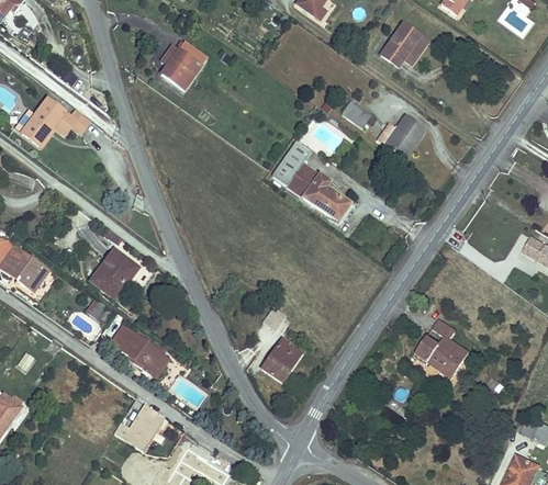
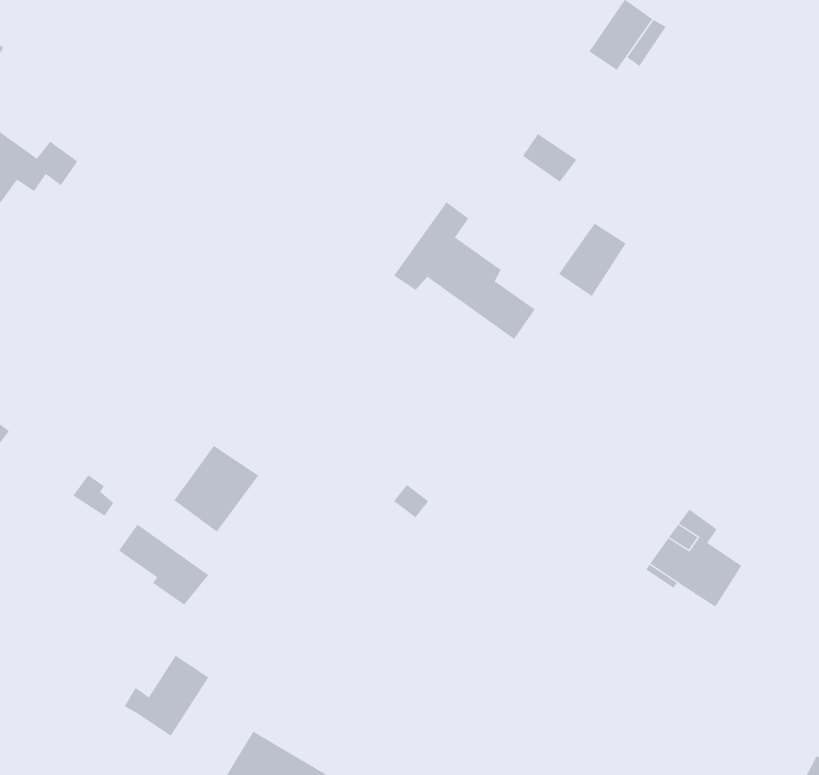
building: [165,43,208,88] -> none
building: [387,114,426,157] -> [558,223,626,297]
building: [90,250,139,301] -> [174,445,259,532]
building: [264,337,303,379] -> none

